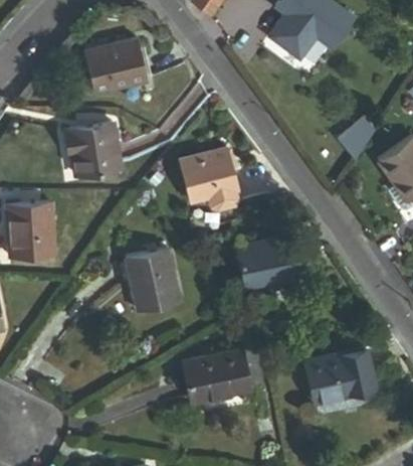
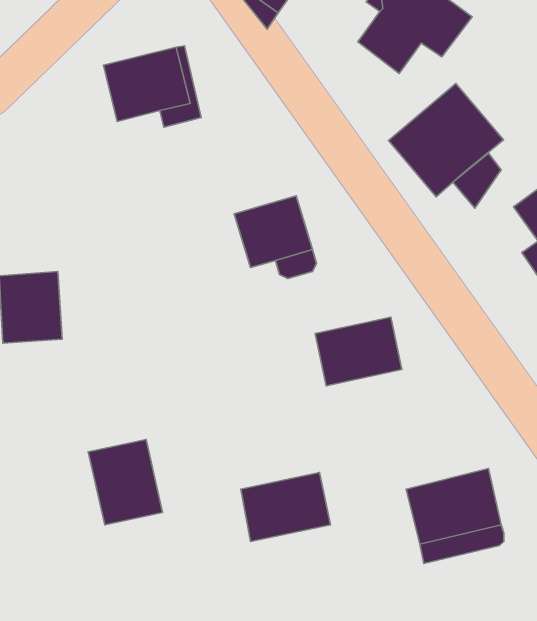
building: none -> [388,83,504,197]
building: [65,124,120,175] -> none
building: [126,249,180,311] -> [88,439,163,525]

